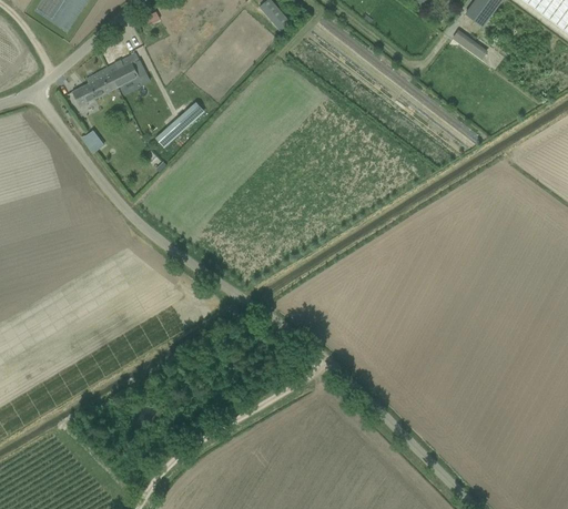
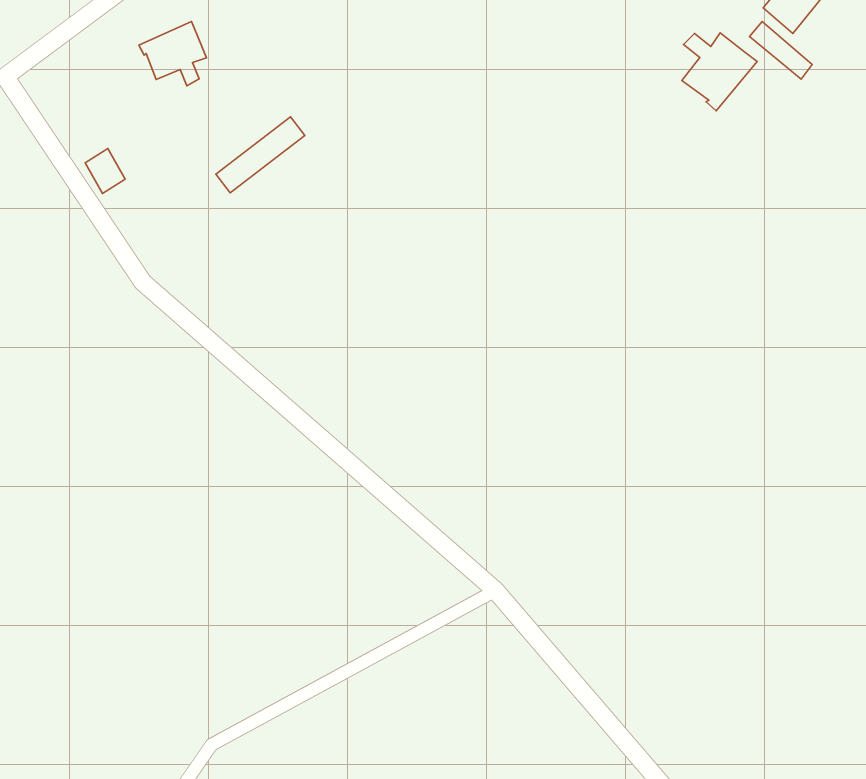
building: none -> [682,33,757,111]
building: [73,67,119,105] -> none

